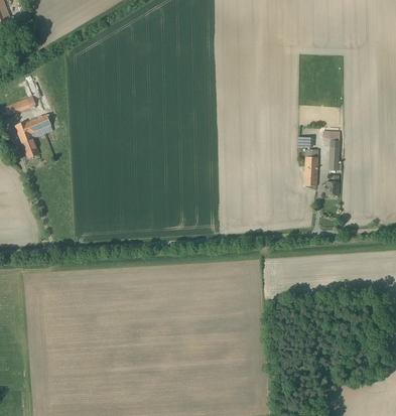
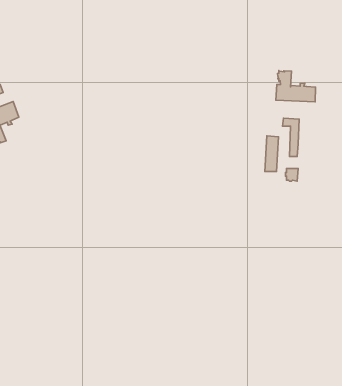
building: none -> [276,70,316,102]

